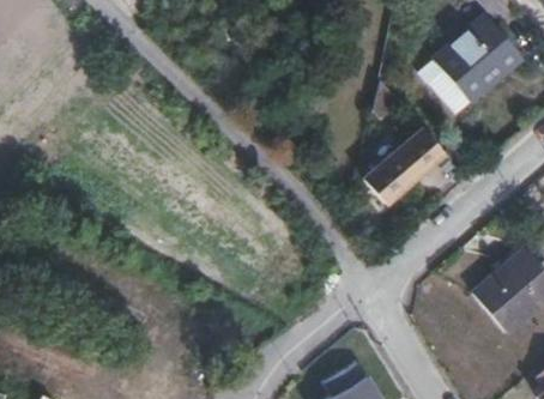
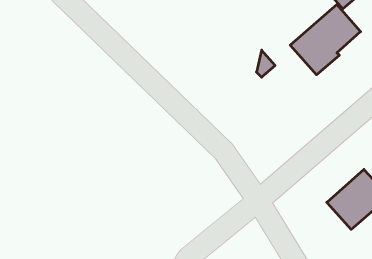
building: [364,127,445,204] -> none

